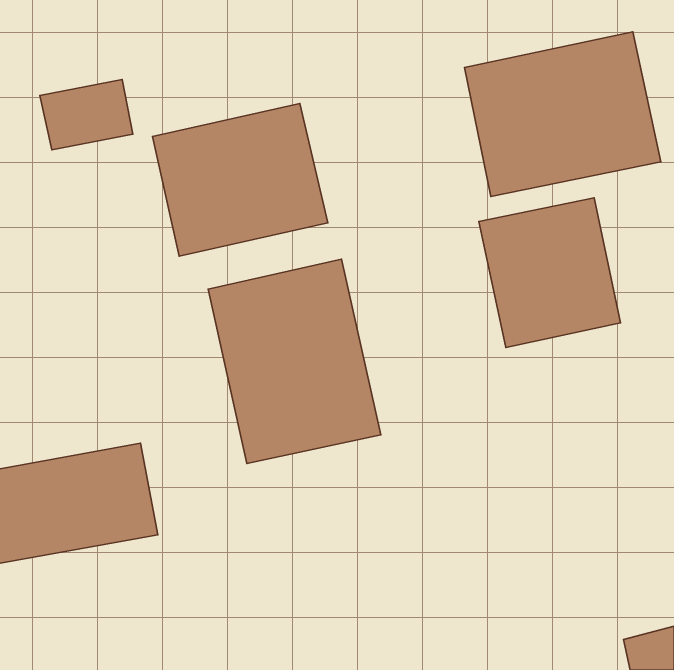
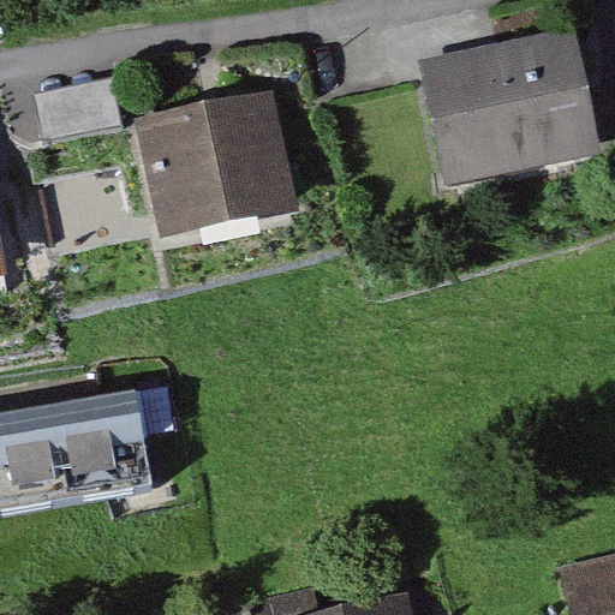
building: [479,198,621,348] -> none
building: [208,259,381,463] -> none

